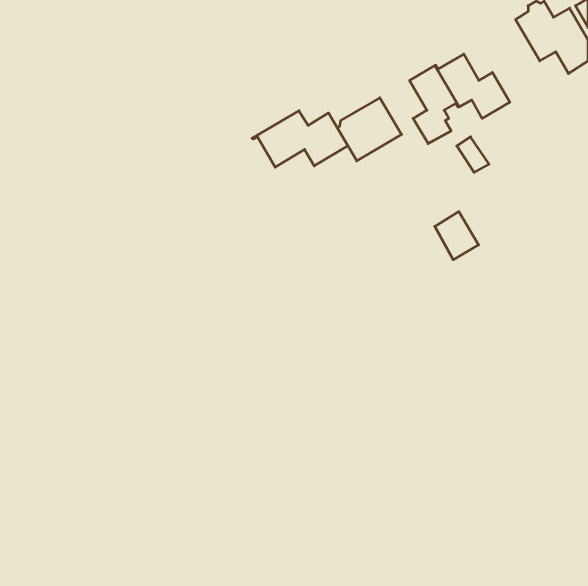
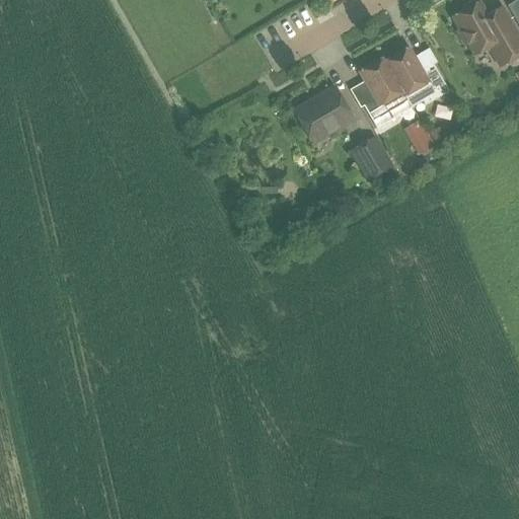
building: [252,111,348,167] -> none
building: [435,212,479,260] -> [352,137,390,179]

